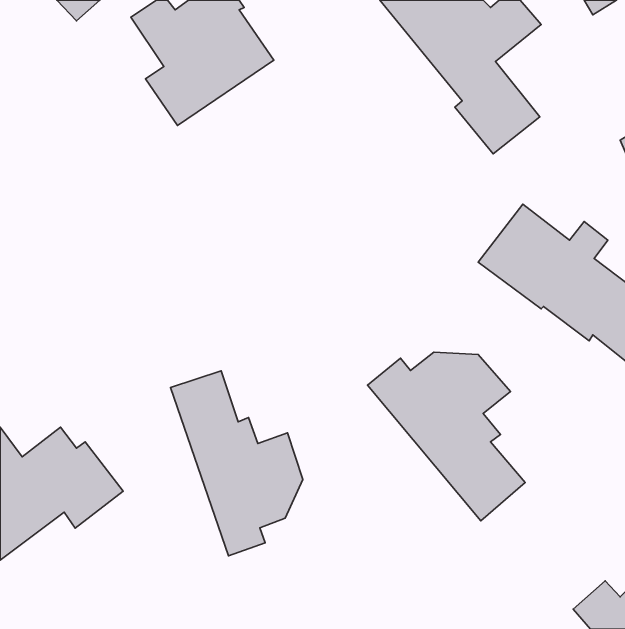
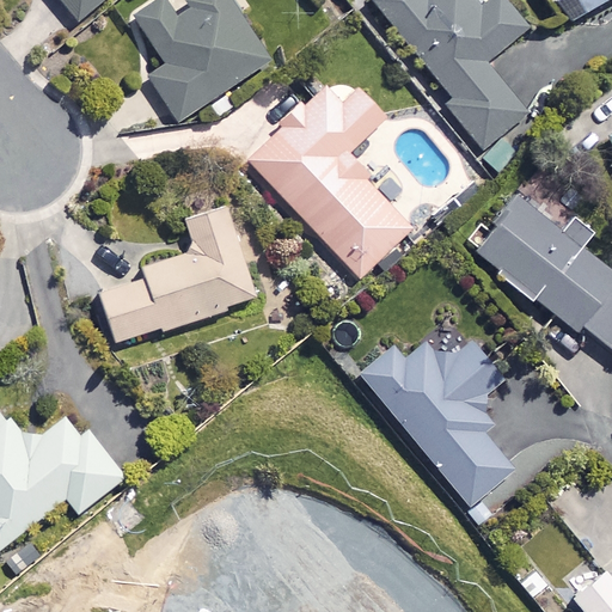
building: none -> [247,82,411,277]
building: none -> [98,204,258,347]
building: [171,371,303,556] -> none

